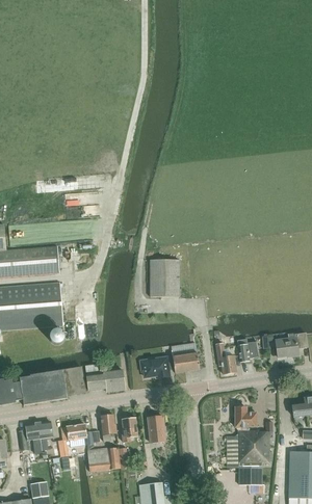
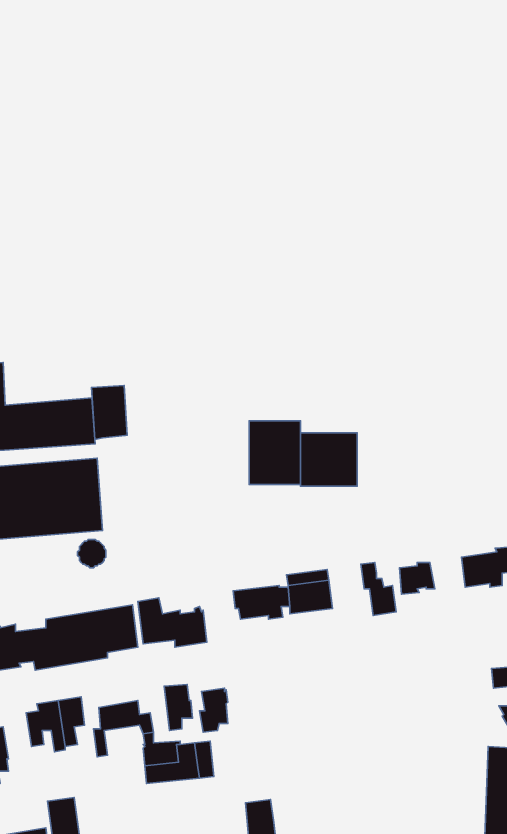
building: none -> [91,385,127,440]
building: none -> [301,433,357,486]
building: [227,405,272,483] -> none
building: [147,415,165,443] -> none

